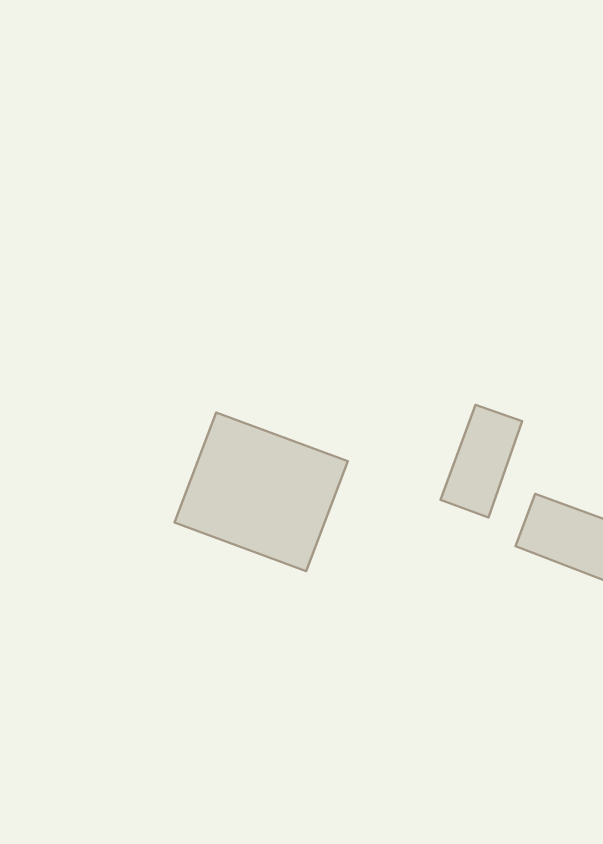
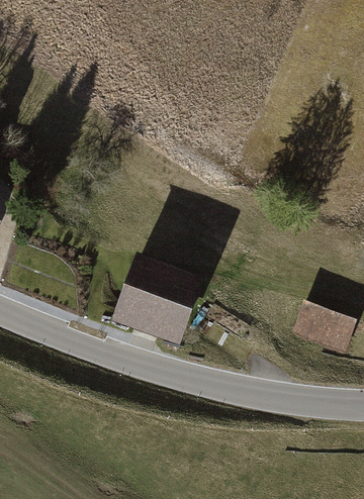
building: [441,405,522,517] -> none

